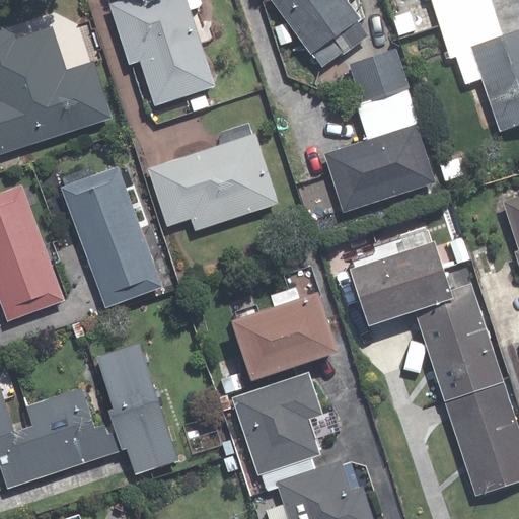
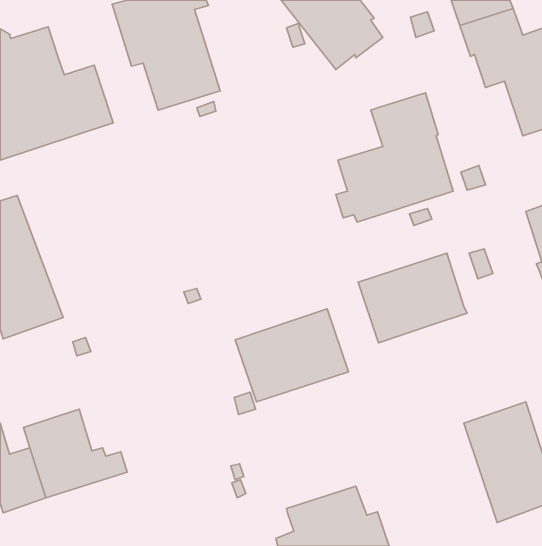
building: [350,49,407,102] -> none
building: [148,122,278,229] -> none
building: [61,165,161,307] -> none
building: [414,282,503,401] -> none
building: [95,344,176,474] -> none
building: [231,371,323,491] -> none

